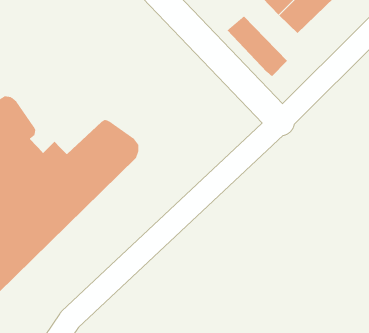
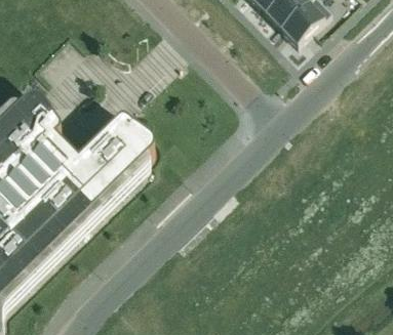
building: [226,15,288,77] -> none

